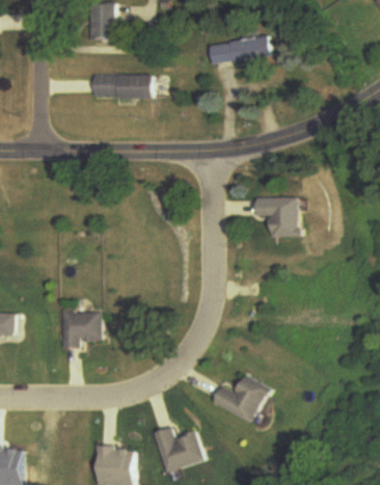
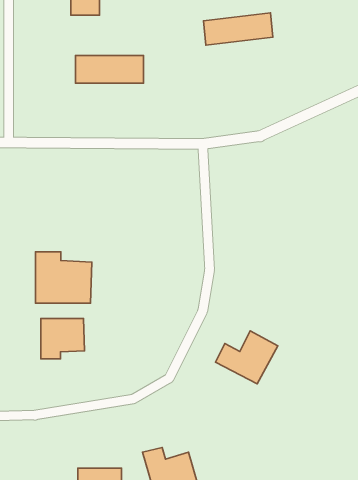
building: [255,196,297,237] -> none
building: none -> [36,252,92,303]
building: [212,375,268,423] -> [215,331,278,384]

